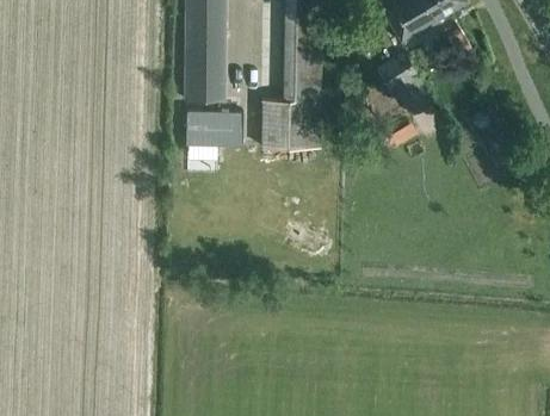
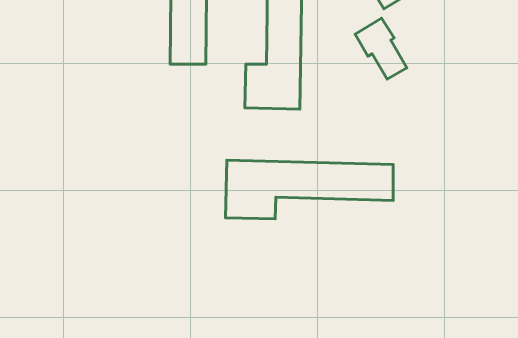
building: [187,111,245,147] -> none
building: none -> [226,160,393,219]

